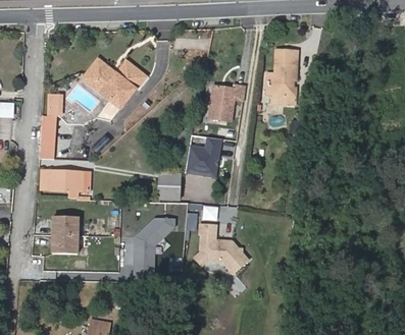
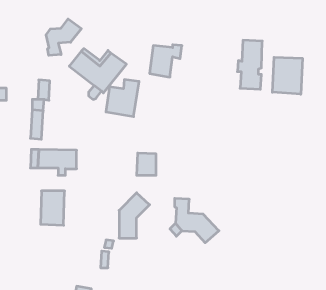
building: none -> [46,19,81,55]
building: none -> [272,57,302,94]
building: [208,85,244,120] -> [150,45,182,77]
building: [186,136,222,177] -> [106,80,139,117]

